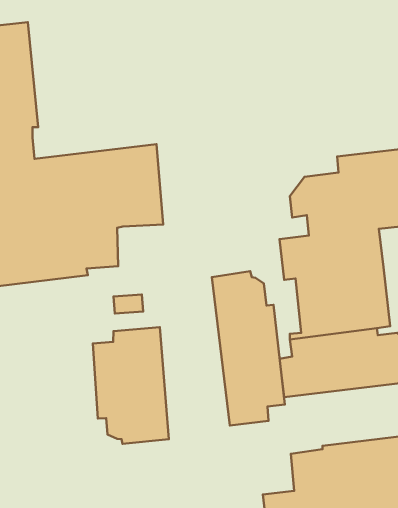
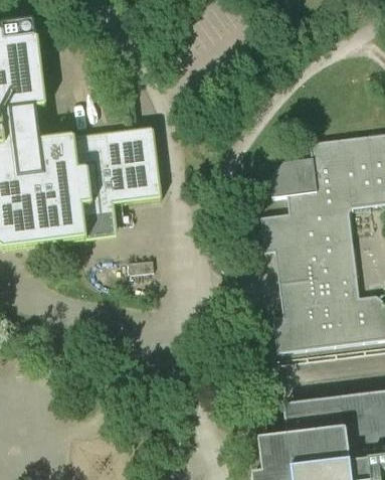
building: [212,271,285,426] -> none
building: [93,327,169,444] -> none

